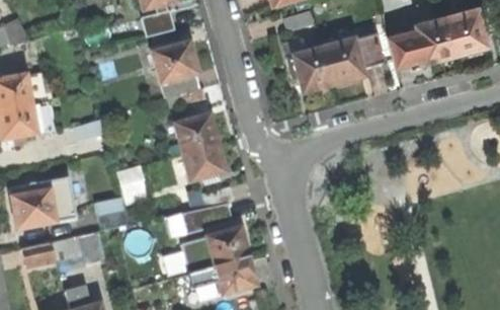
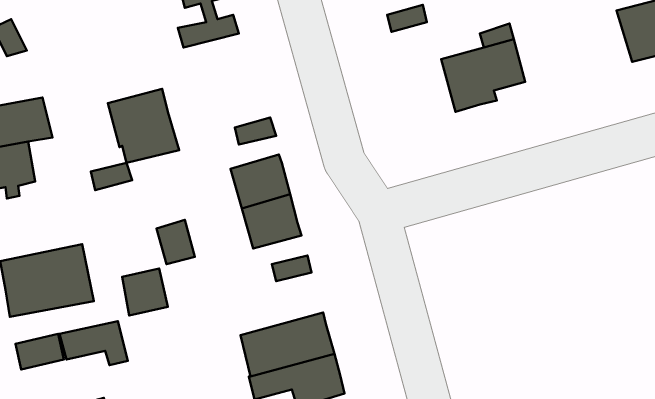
building: [387,13,459,64] -> none
building: [150,44,200,96] -> [108,89,179,163]
building: [286,48,333,93] -> none
building: [180,204,232,234] -> none

